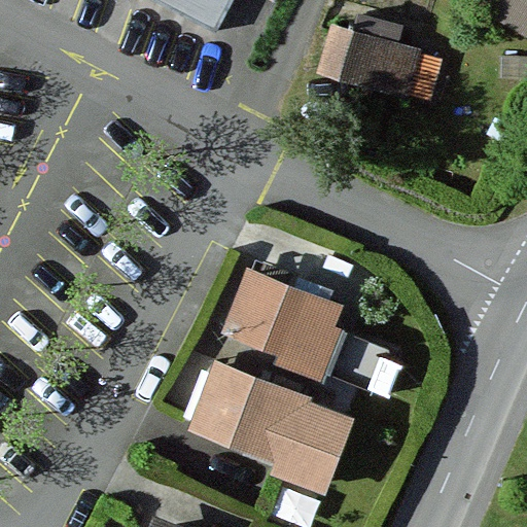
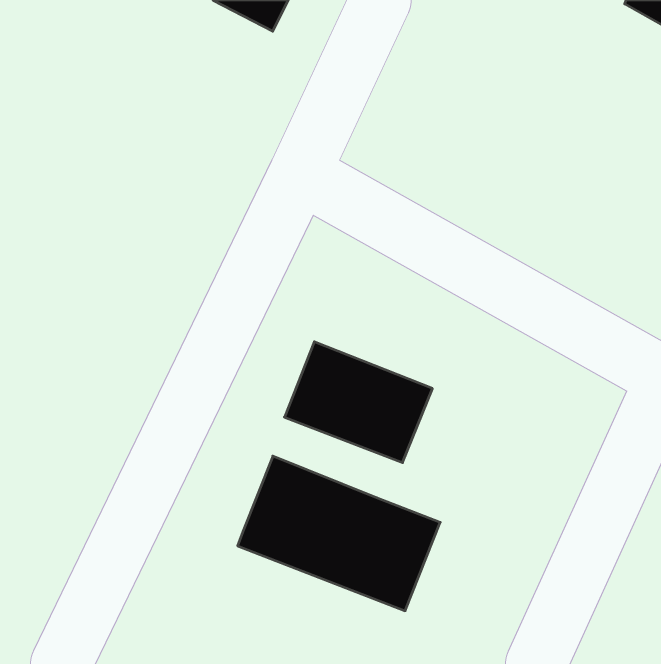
building: [318,25,424,100] -> none

